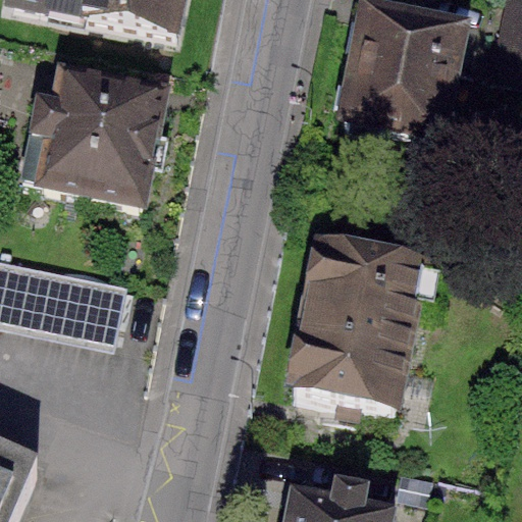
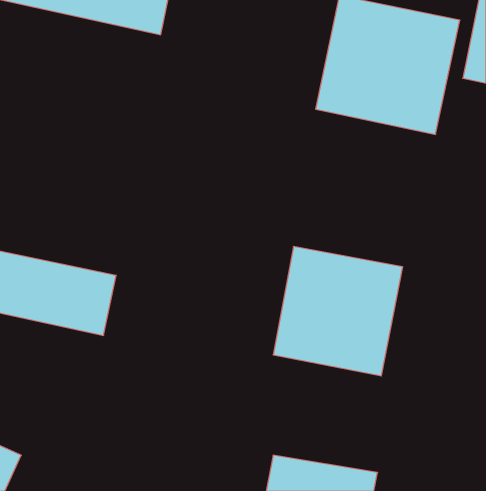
building: [33,65,174,208] -> none

